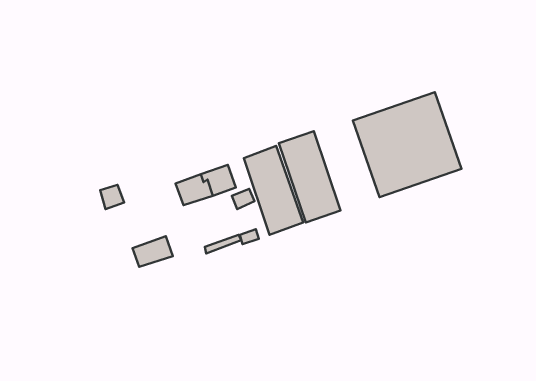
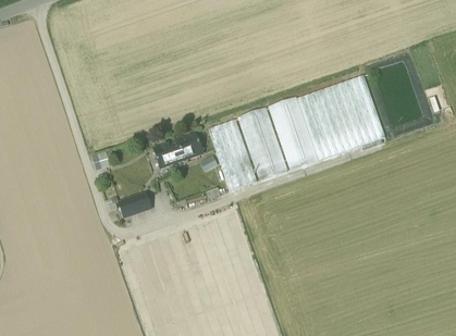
building: none -> [268,96,319,170]

